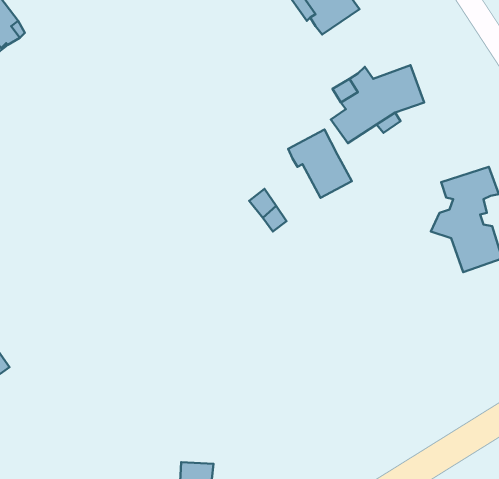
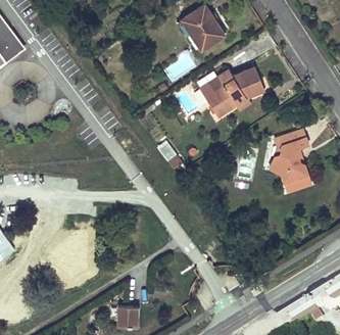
building: [288,129,352,198] -> none

